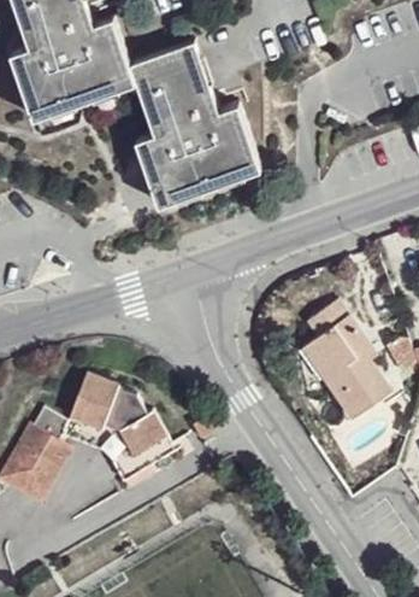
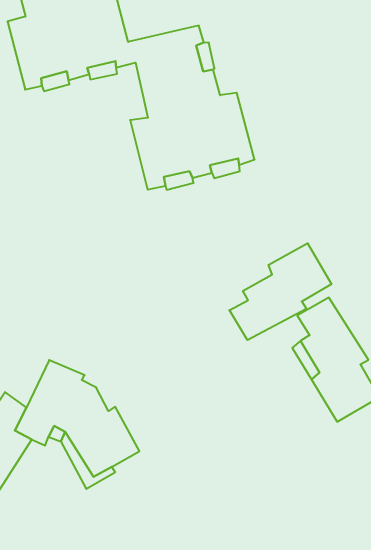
building: none -> [229,243,331,340]

